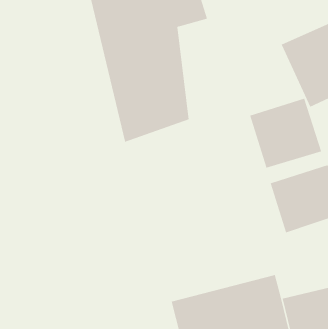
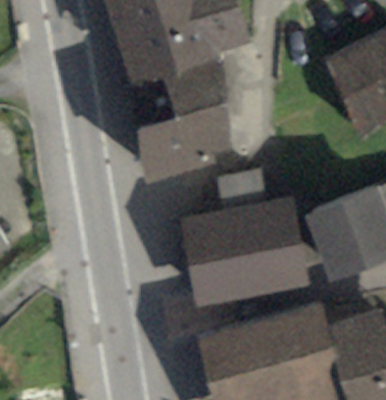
building: [250,98,322,168] -> none
building: none -> [188,205,304,292]

